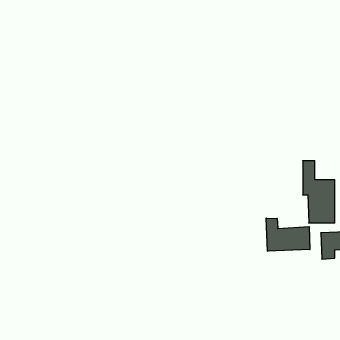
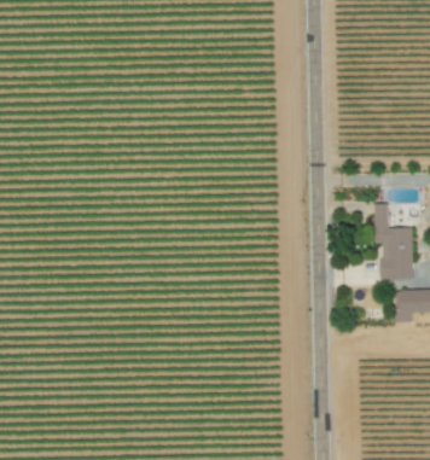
building: [266,218,310,251] -> none

